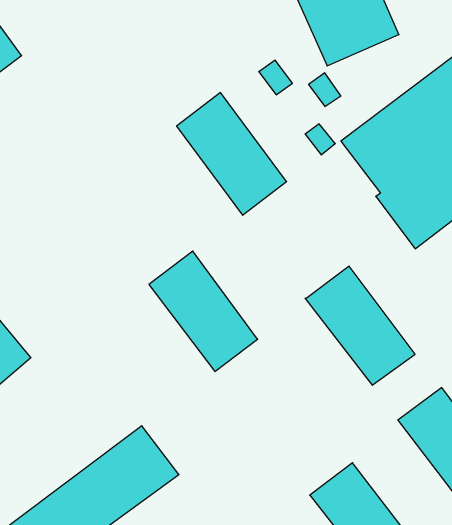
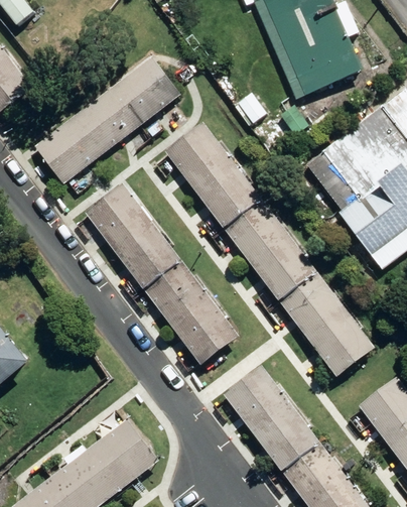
building: none -> [34,58,179,185]
building: none -> [85,184,180,289]
building: none -> [224,200,316,301]
building: none -> [224,367,319,473]

